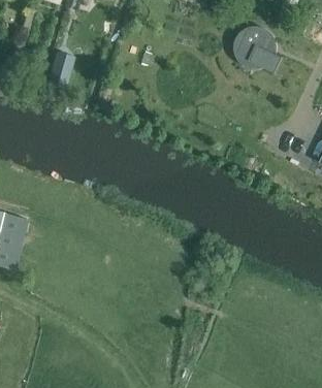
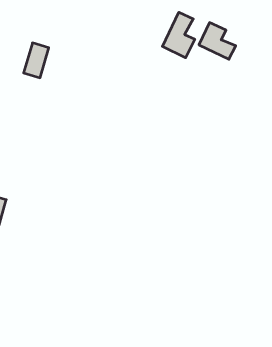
building: none -> [162,12,195,58]

